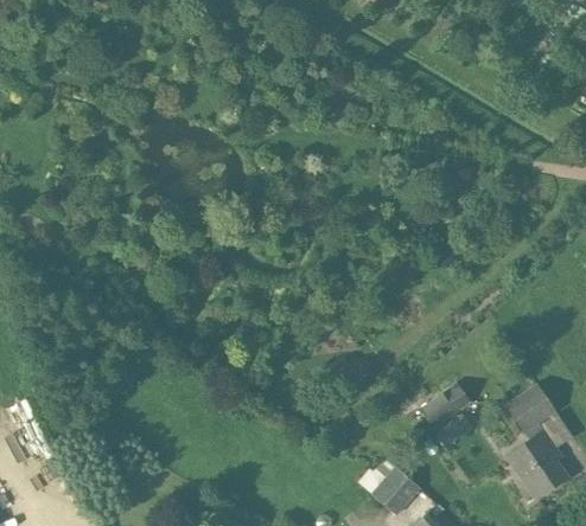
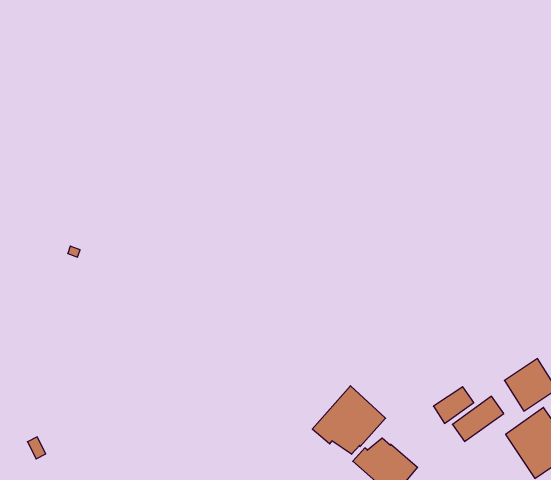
building: [418,383,467,426] -> [452,396,504,442]
building: none -> [312,386,386,454]

